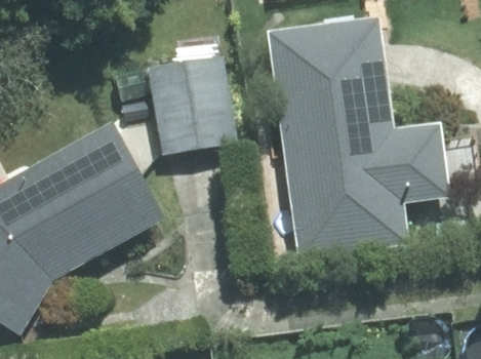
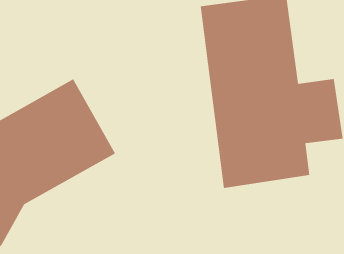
building: [146,54,236,155] -> none

